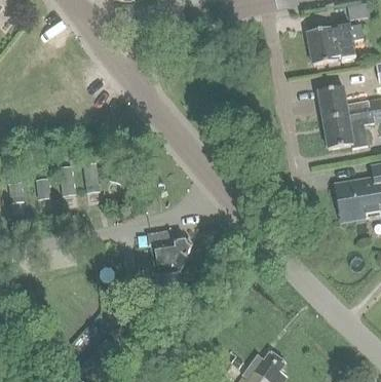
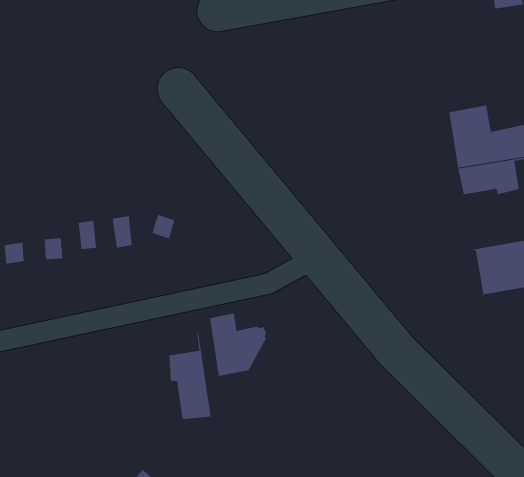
building: [306,23,363,64] -> none
building: none -> [169,332,211,420]

